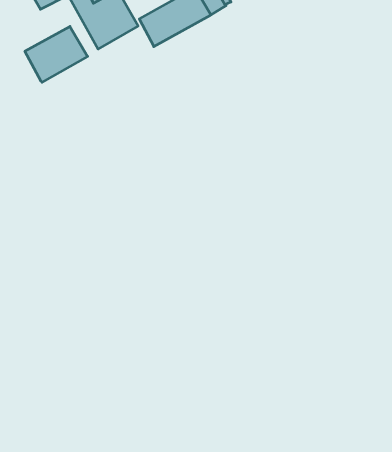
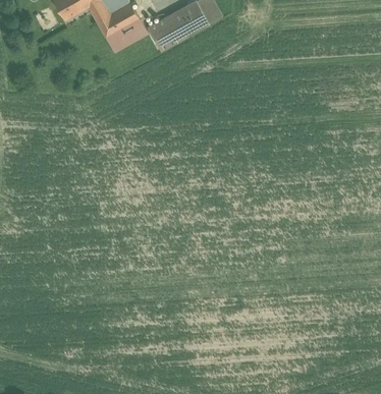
building: [25,26,88,82] -> none

